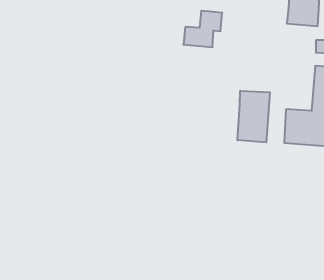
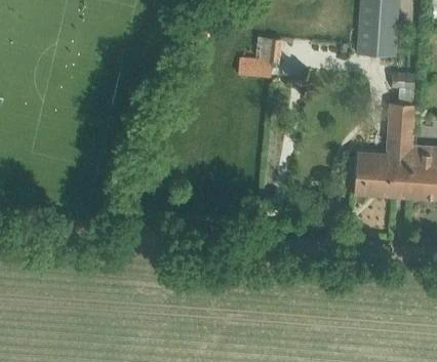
building: [237,91,270,142] -> none

